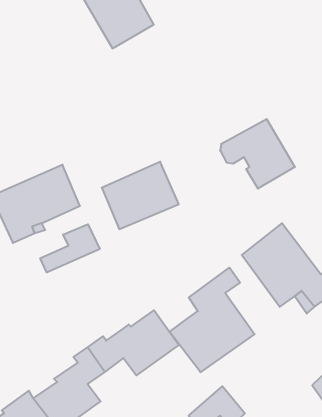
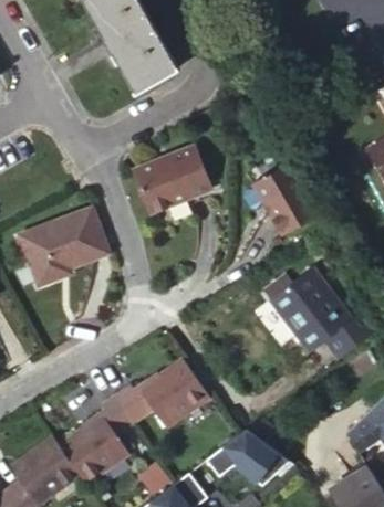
building: [102,162,179,229] -> [129,141,208,210]
building: [40,224,100,272] -> none
building: [169,268,255,372] -> none

